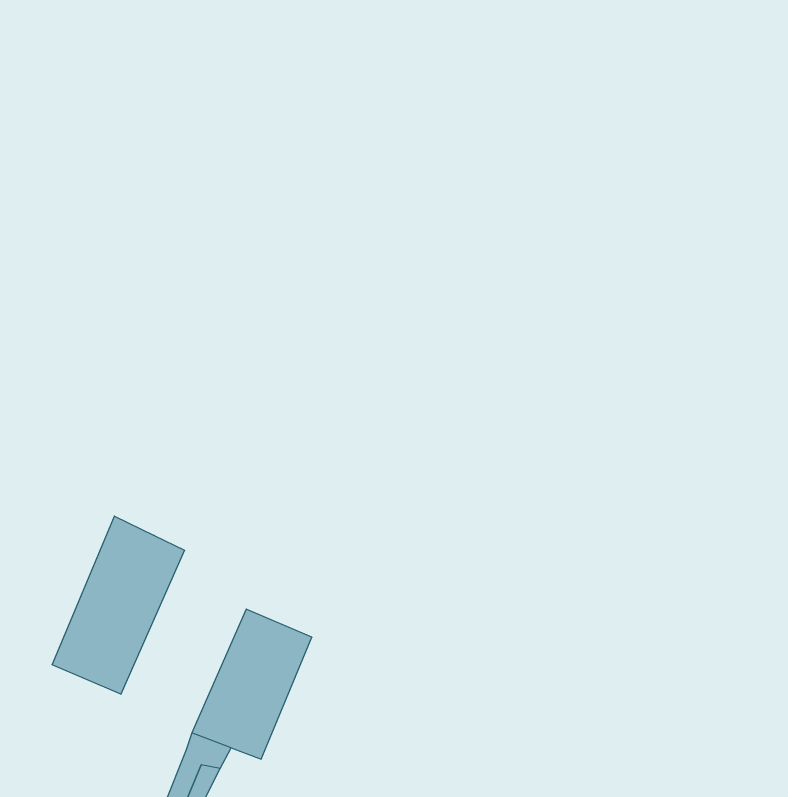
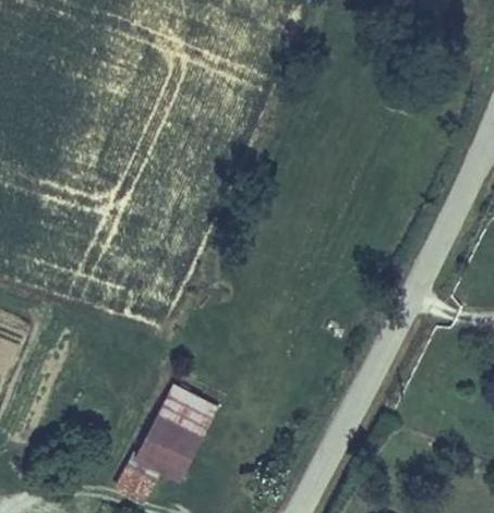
building: [52,516,184,694] -> none

